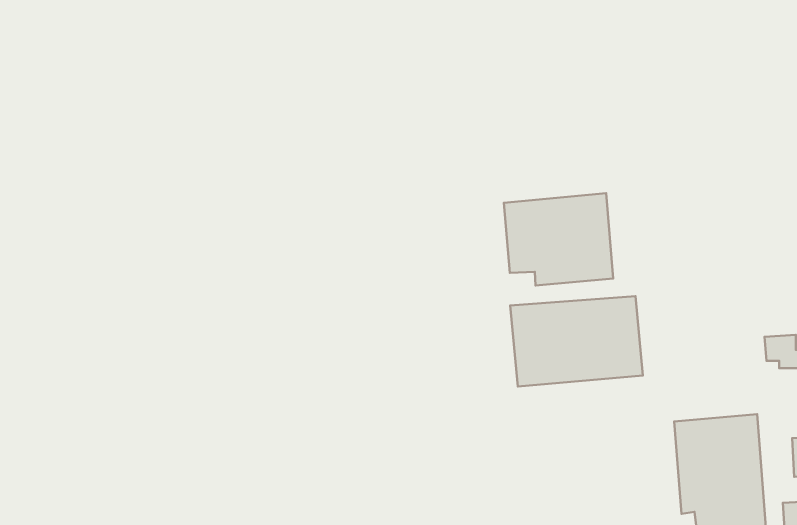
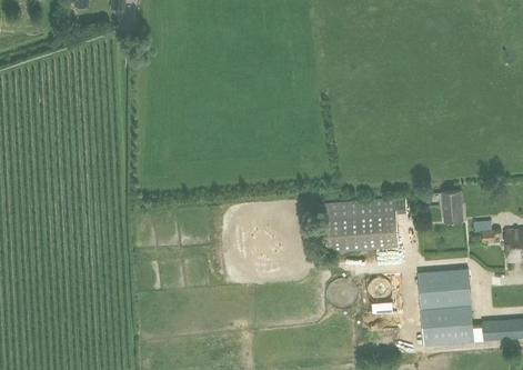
building: [504,193,613,285] -> none
building: none -> [442,191,462,221]

